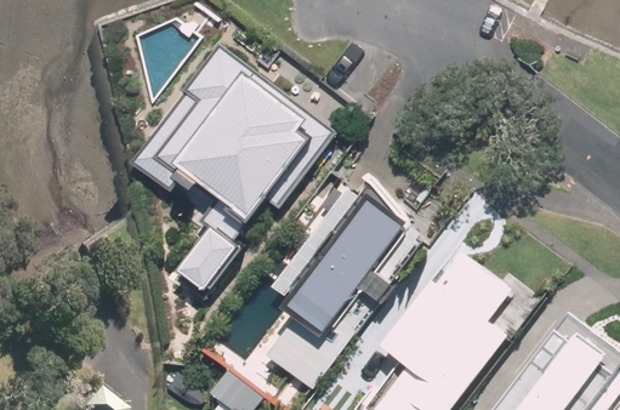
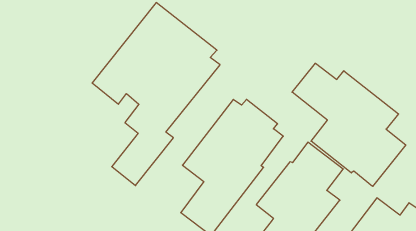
building: none -> [292,63,406,186]

